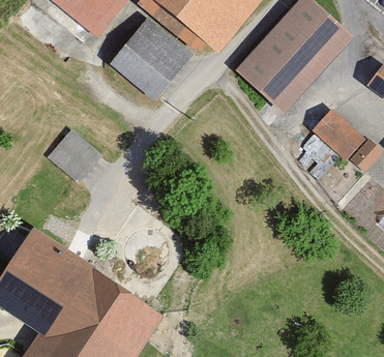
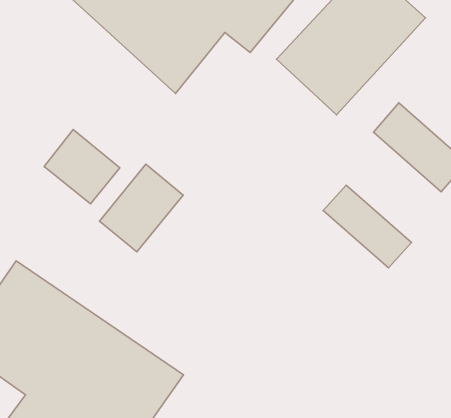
building: none -> [99,164,183,252]
building: none -> [323,185,411,268]

